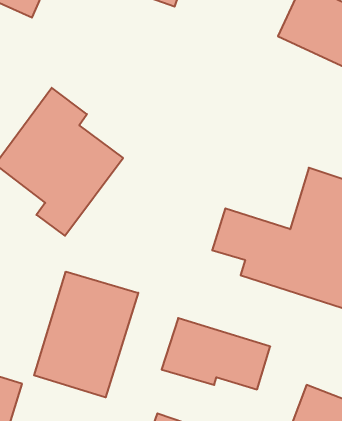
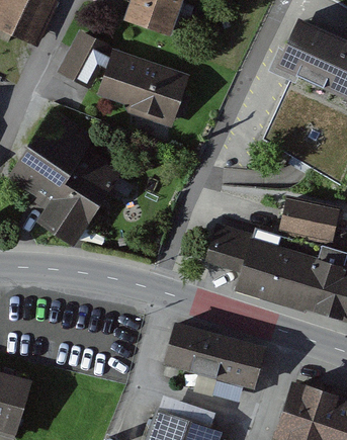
building: none -> [63,34,184,125]
building: [34,272,138,397] -> none

